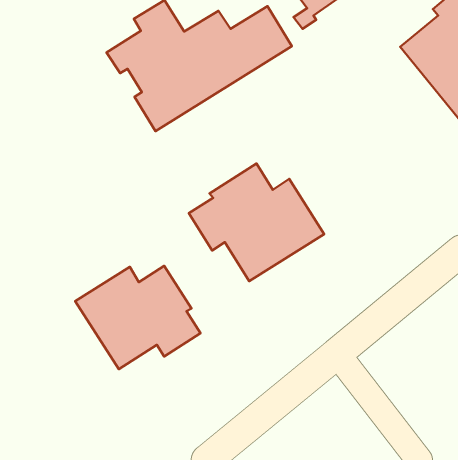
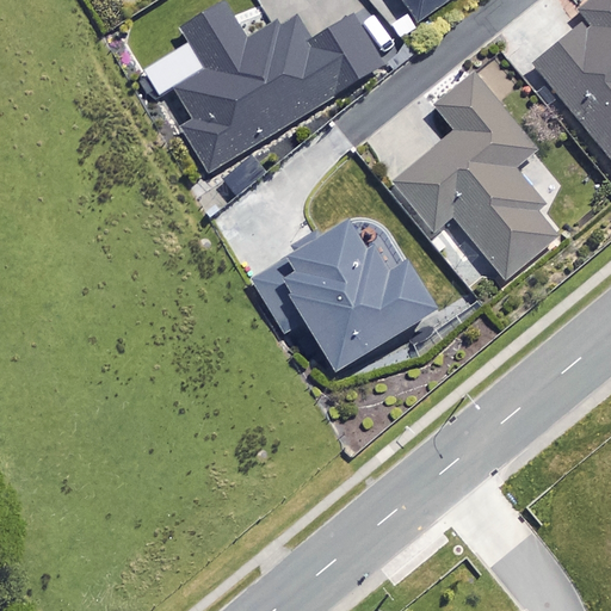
building: none -> [391,70,564,280]
building: [75,266,201,369] -> none

